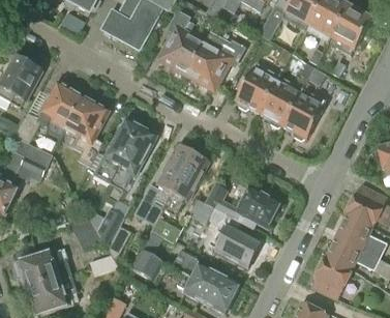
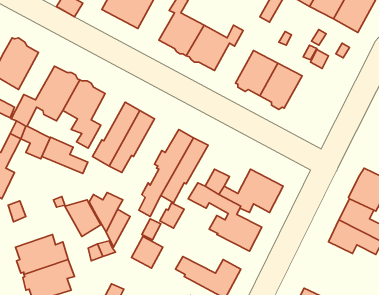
building: [282,92,324,138] -> none
building: none -> [42,137,88,174]
building: [174,248,222,287] -> none
building: [311,255,352,297] -> none

